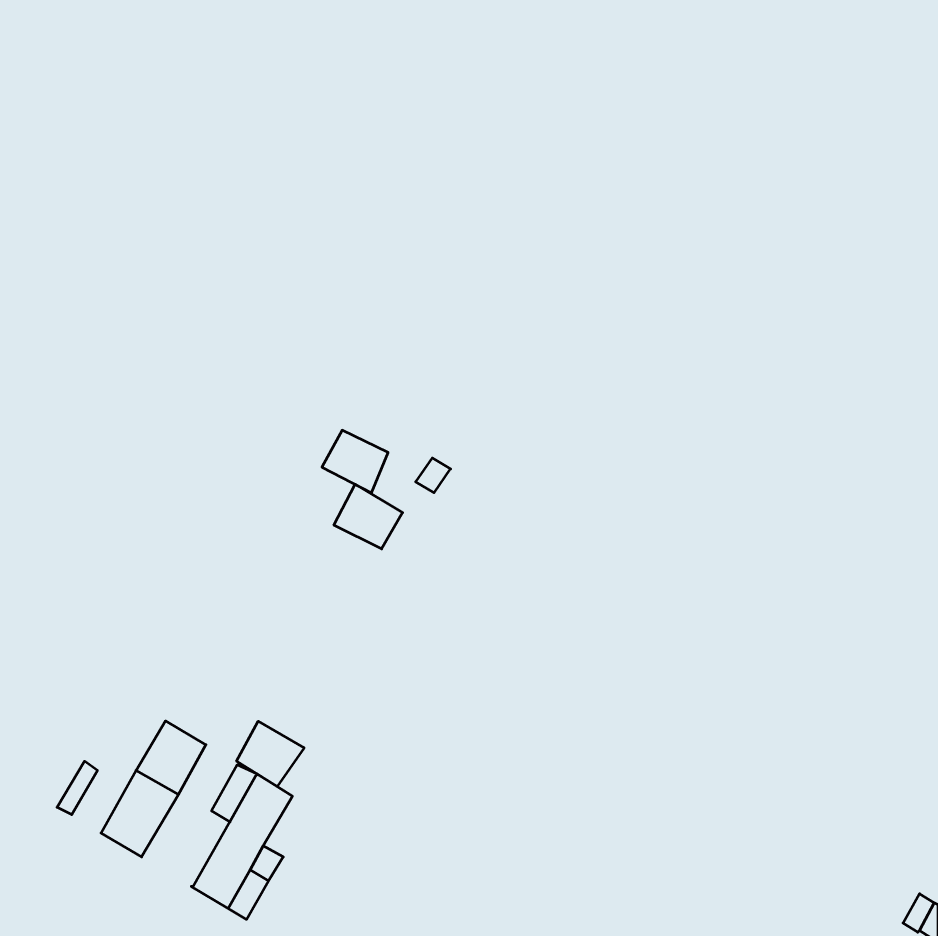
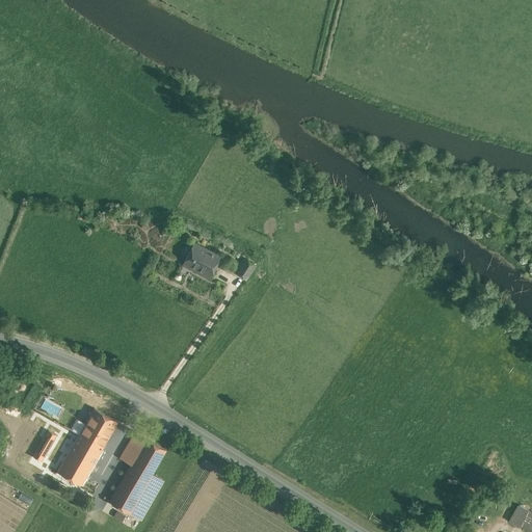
building: [334,484,403,549] -> none
building: [237,721,304,787] -> none

